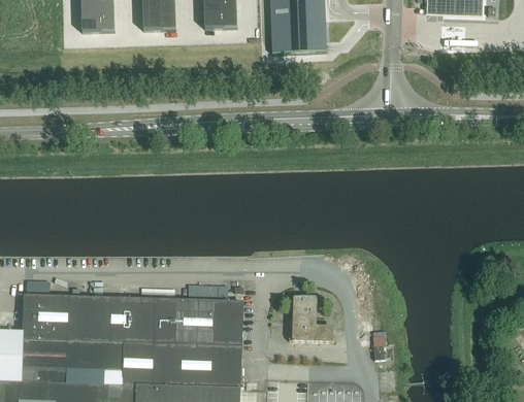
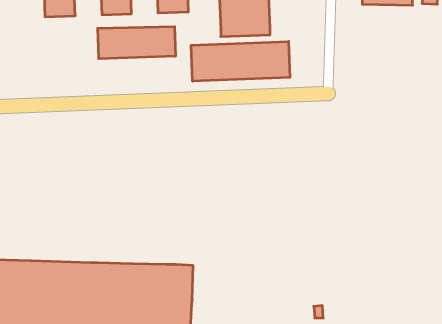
building: none -> [98,27,175,59]
building: none -> [191,41,290,81]
building: [288,296,332,340] -> none

